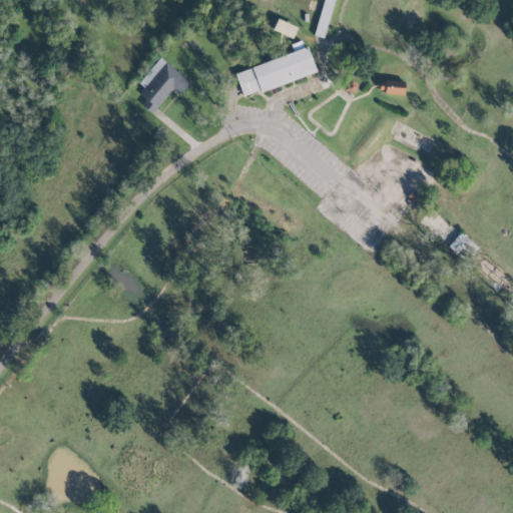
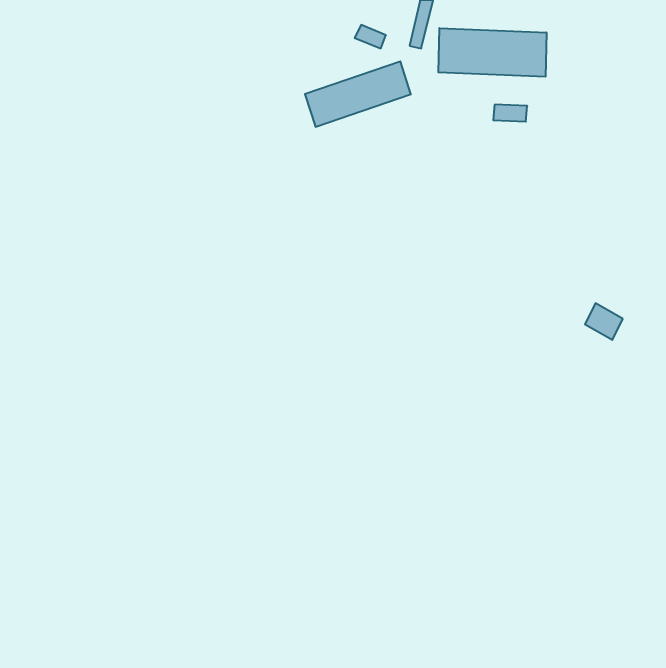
building: none -> [438,28,546,77]
building: [136,57,190,113] -> none

